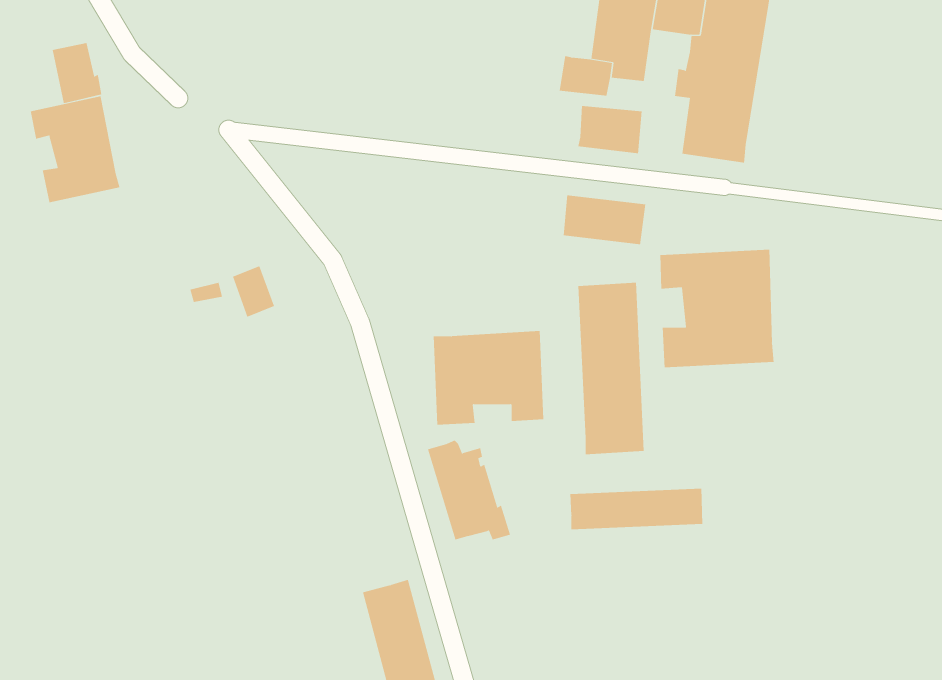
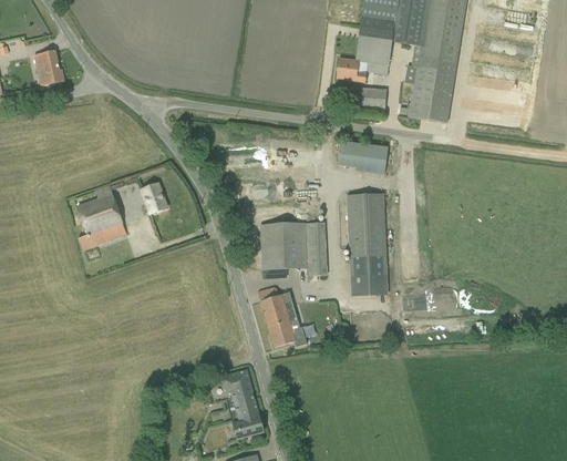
building: [30,96,120,203] -> none
building: [660,249,774,368] -> none
building: none -> [75,185,126,249]
building: [570,488,703,530] -> none

